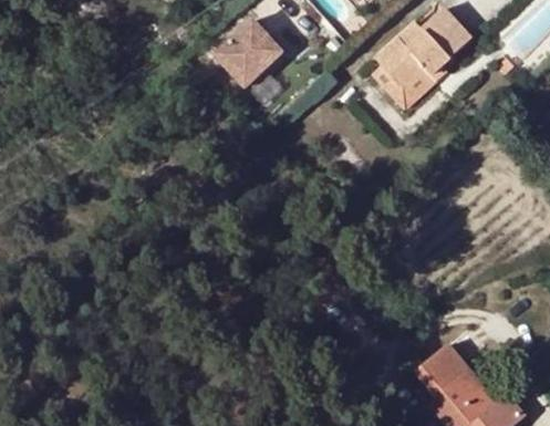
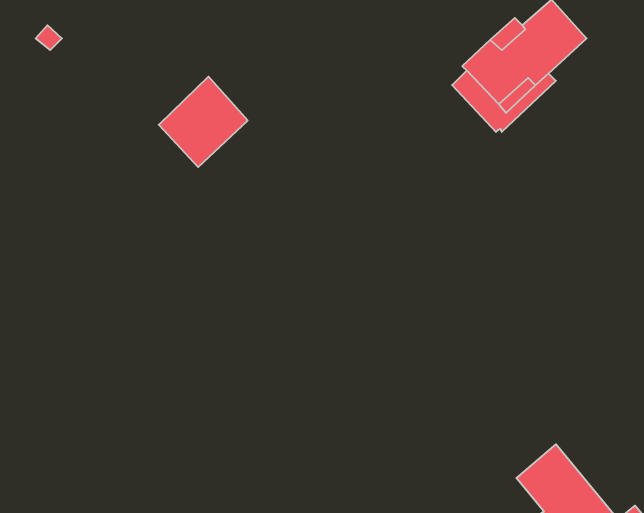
building: [216,18,283,86] -> [159,77,248,167]

